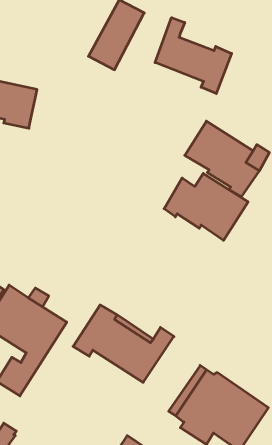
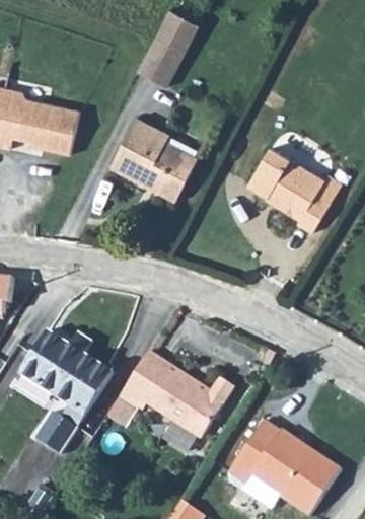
building: [155,18,232,94] -> none
building: none -> [107,119,198,203]
building: [164,173,248,240] -> none

